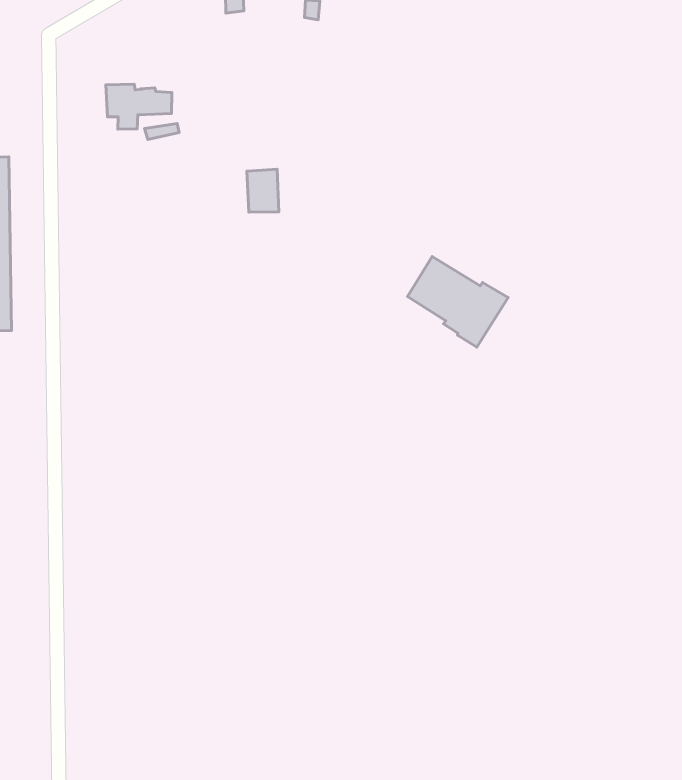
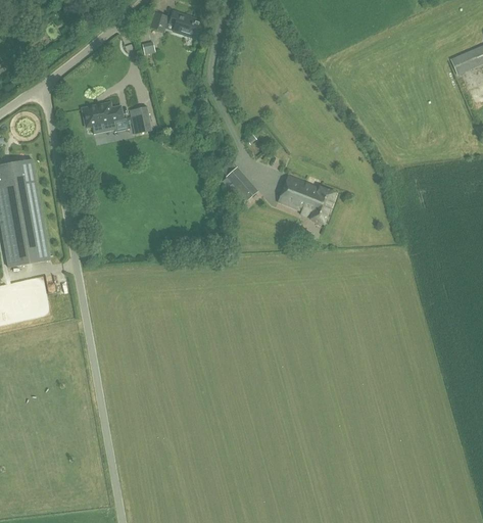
building: [247,169,279,212] -> [128,106,150,134]
building: none -> [225,167,256,200]

